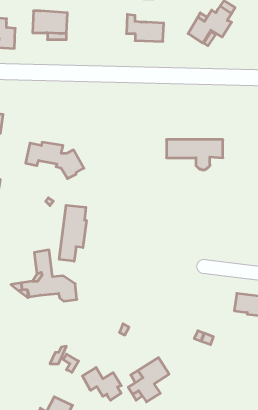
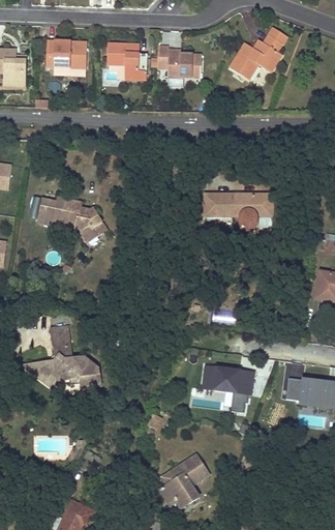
building: none -> [106,42,147,80]
building: [59,205,86,261] -> none
building: none -> [203,365,253,411]
building: [82,367,121,400] -> none

